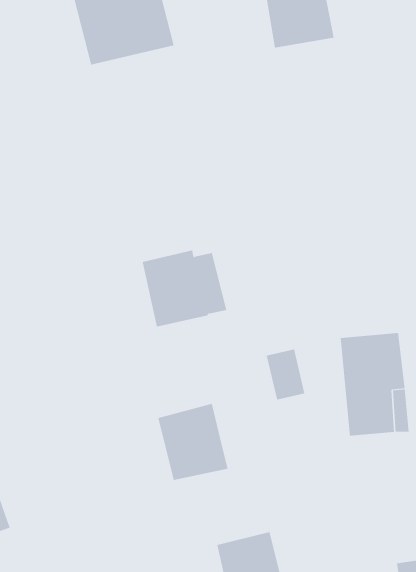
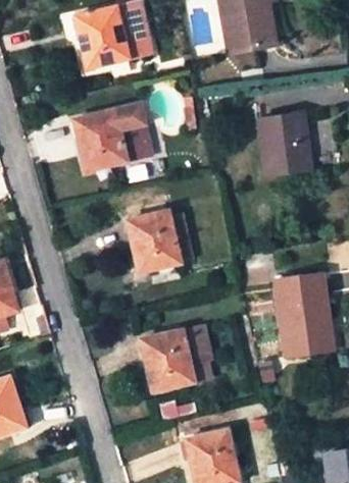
building: none -> [72,104,150,170]
building: none -> [259,116,311,176]
building: [266,349,305,400] -> [182,325,212,365]

